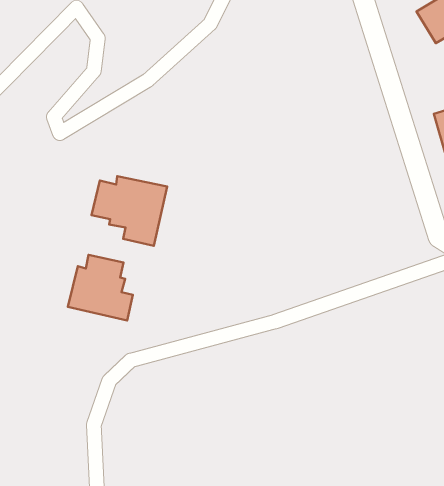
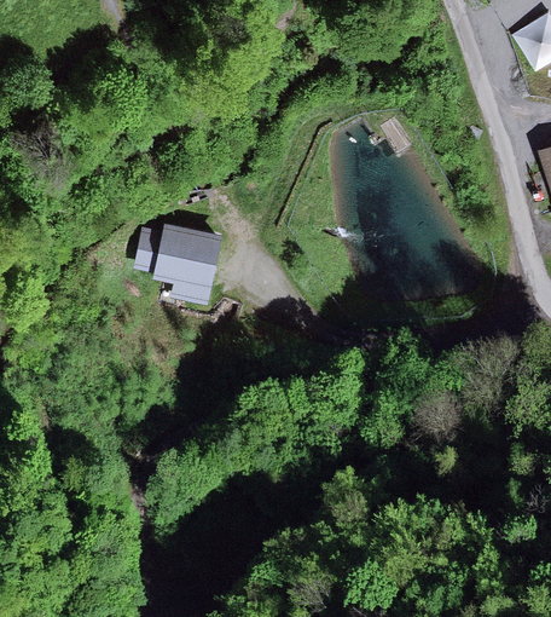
building: [68,255,133,320] -> none

